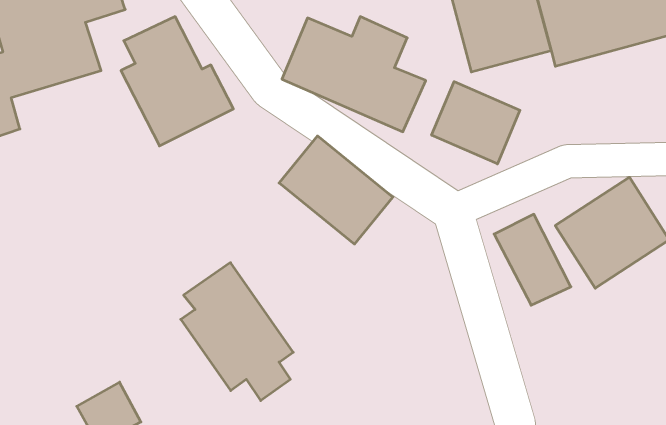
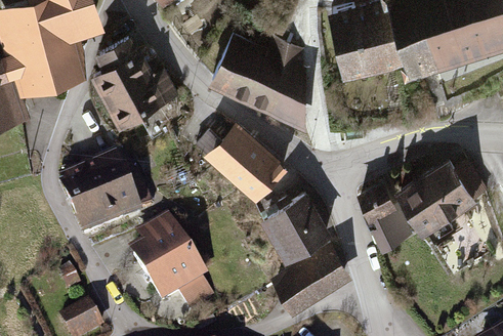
building: [432,82,520,164] -> none
building: none -> [62,156,139,233]
building: none -> [259,192,345,316]

